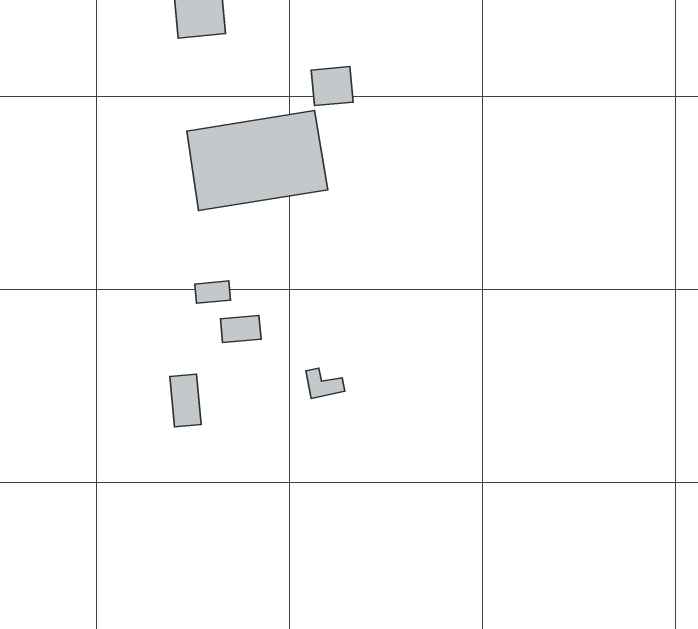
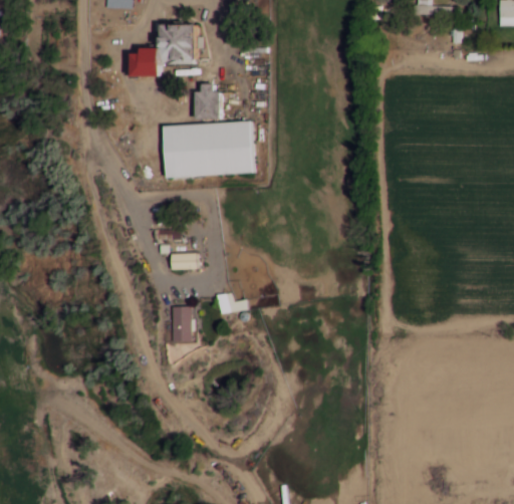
building: none -> [127,51,155,75]
building: [311,67,353,106] -> [192,91,218,115]
building: [170,374,201,427] -> [176,307,194,341]

